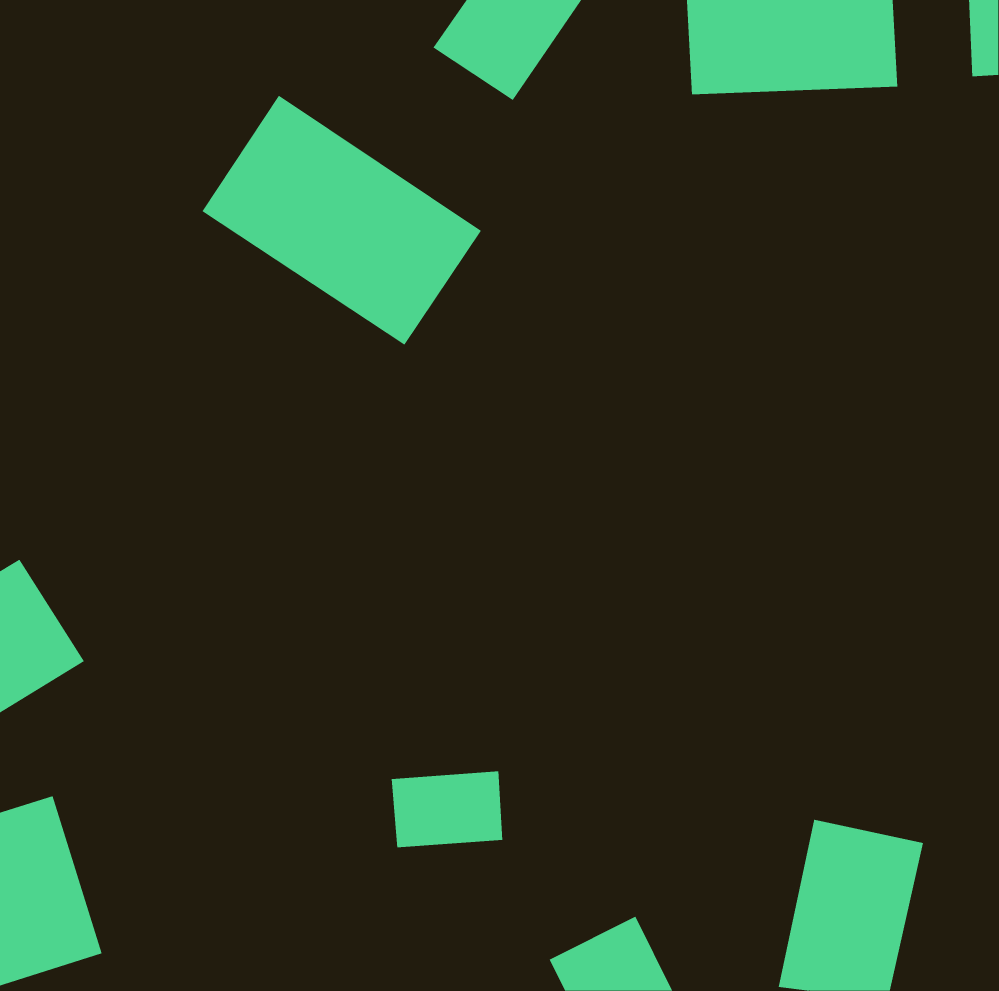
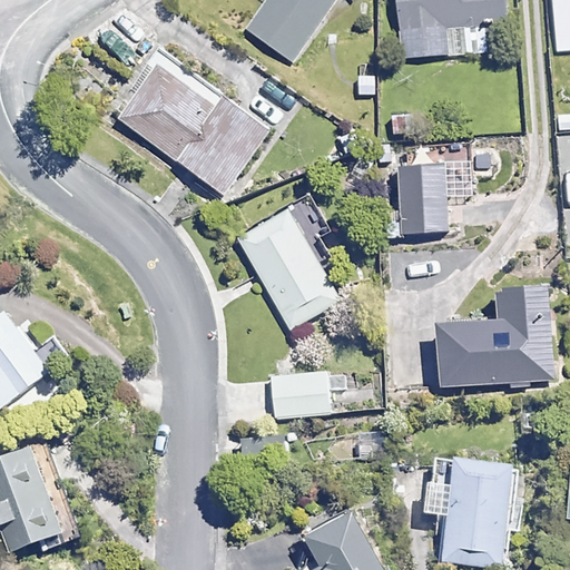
building: none -> [397,163,445,226]
building: none -> [238,210,335,324]
building: none -> [439,285,553,381]
building: [391,771,503,848] -> [271,373,334,416]

